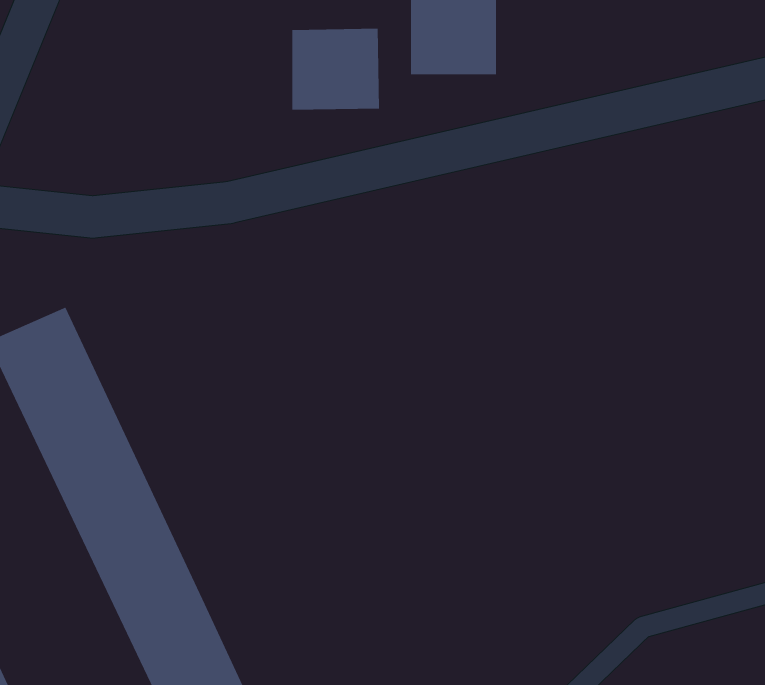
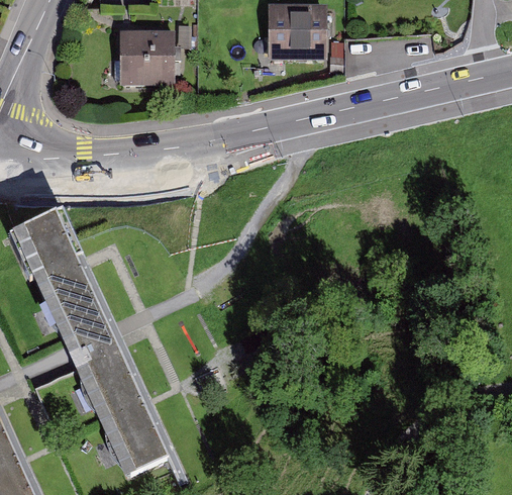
building: [292,28,380,110] -> [120,28,177,81]

